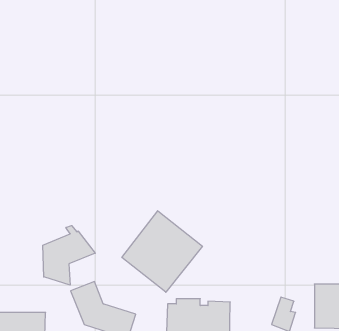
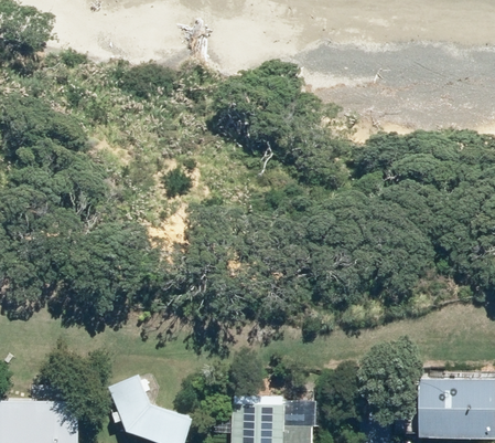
building: [122,211,202,292] -> none
building: [43,226,95,285] -> none

